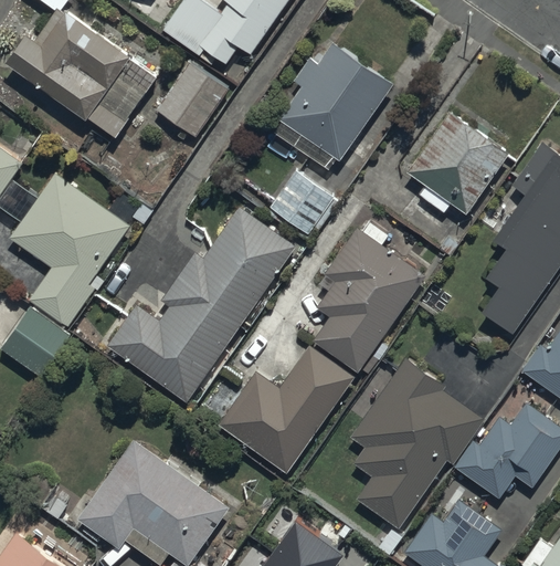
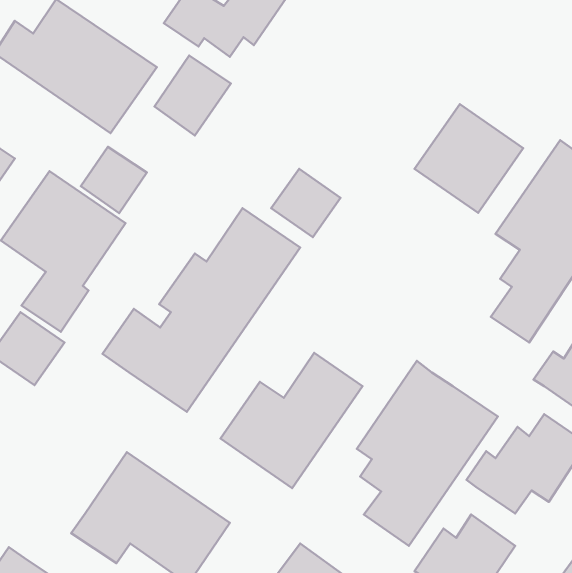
building: [277,40,390,158] -> none
building: none -> [81,147,147,213]
building: [313,227,425,373] -> none

